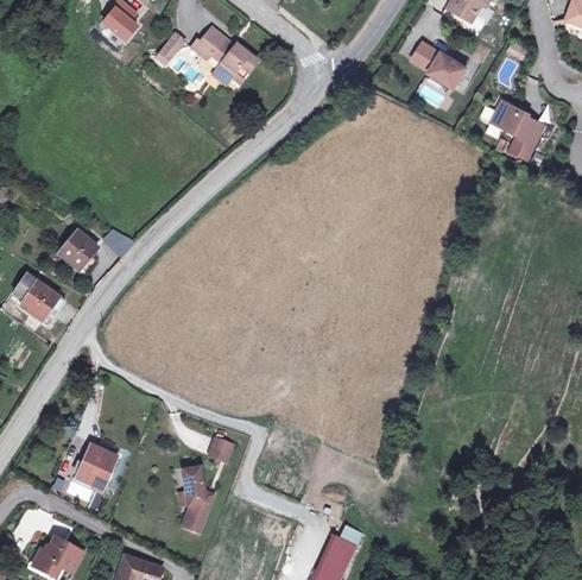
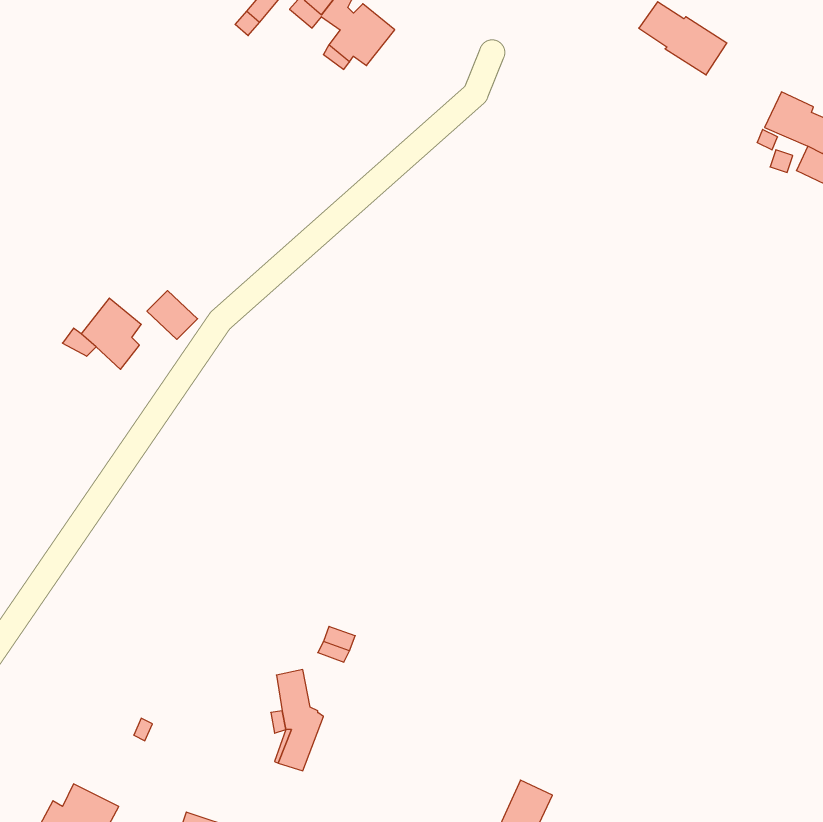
building: [13,273,64,320] -> none
building: [76,445,116,488] -> none

